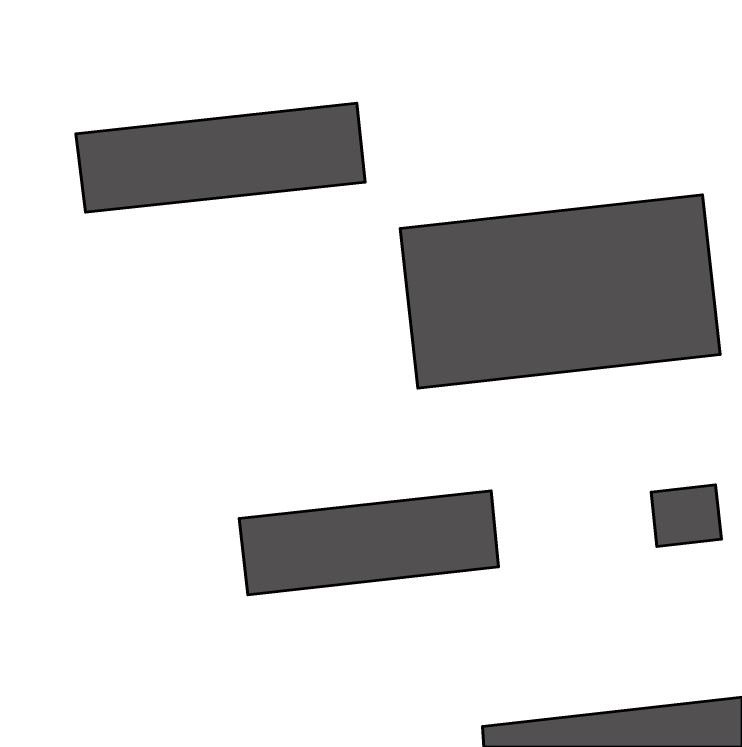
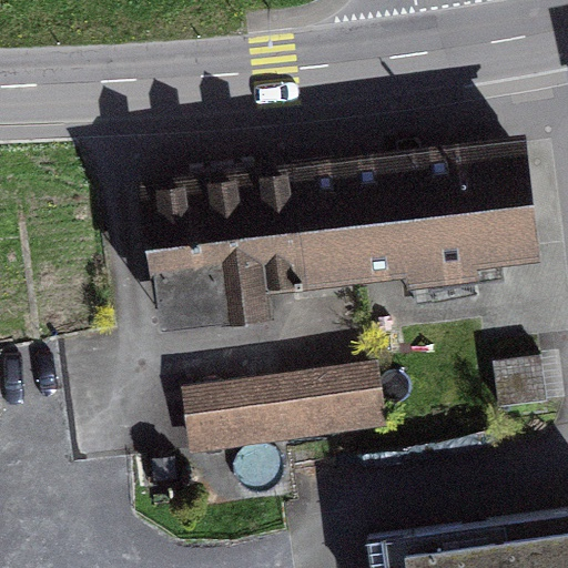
building: [76,103,365,212] -> none
building: none -> [150,173,316,312]

